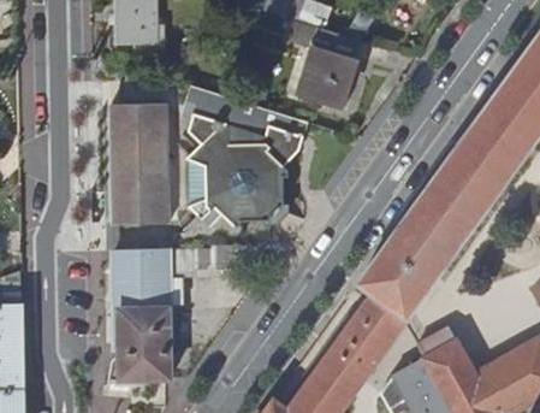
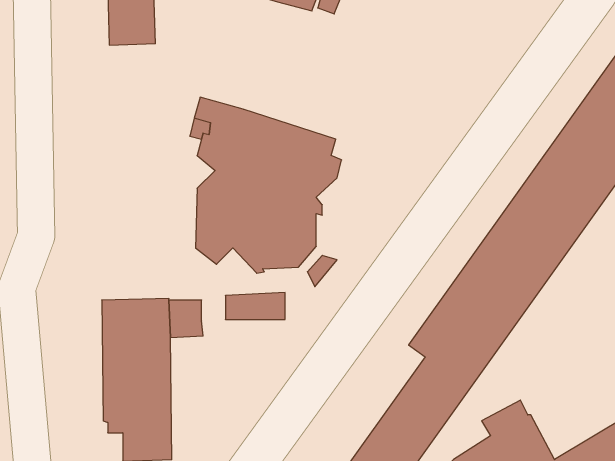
building: [287,19,357,107] -> none
building: [109,104,167,222] -> none

